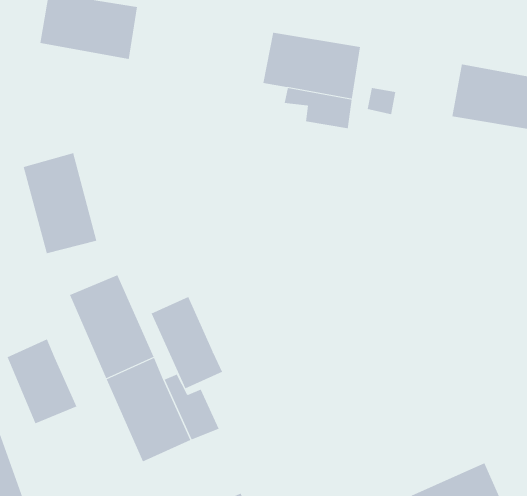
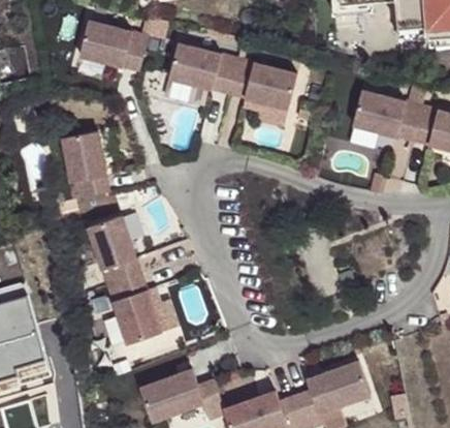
building: none -> [168,43,237,93]
building: [151,296,223,389] -> none
building: [7,338,77,424] -> none

